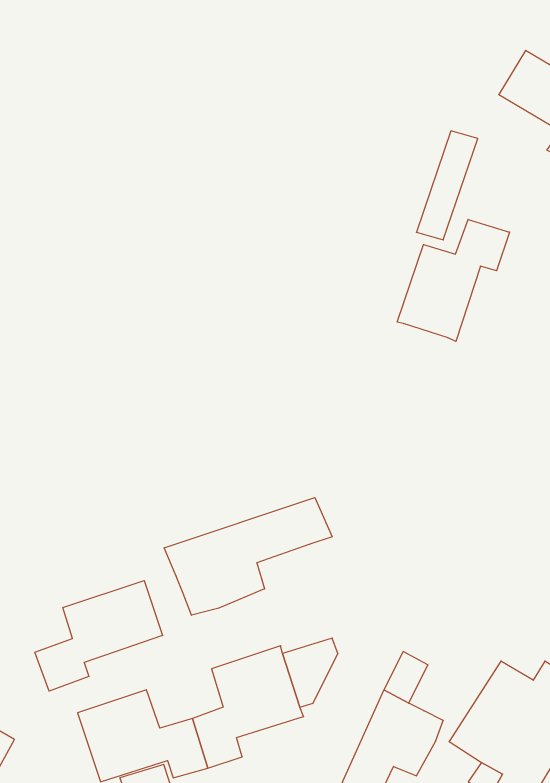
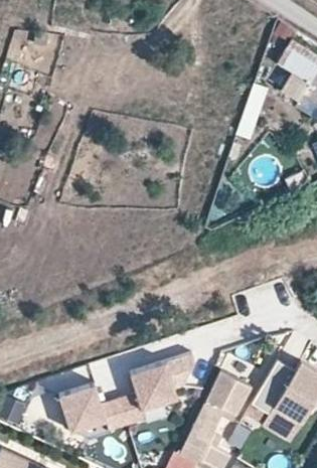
building: [397,219,510,341] -> none
building: [164,498,332,615] -> none
building: [35,581,163,691] -> none

